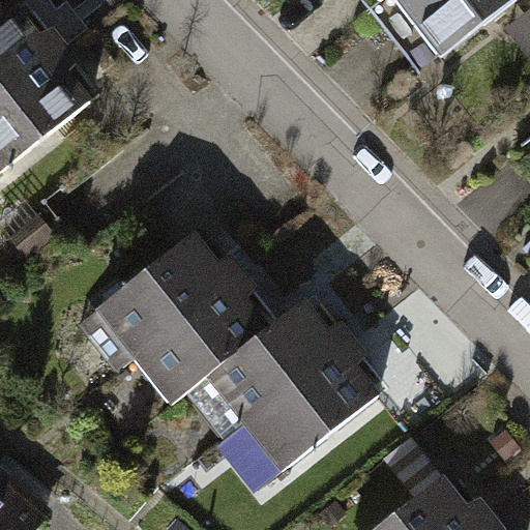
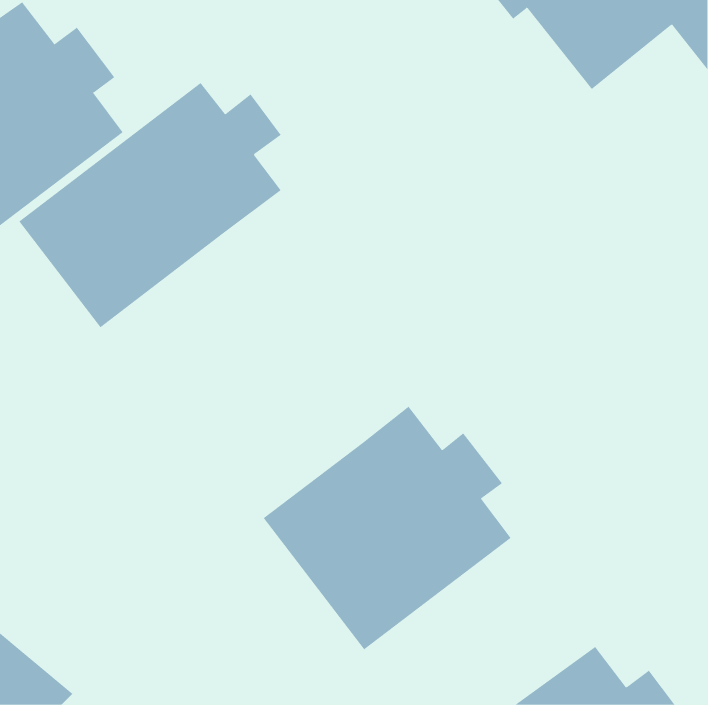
building: none -> [19,82,281,328]
building: [92,231,267,403] -> none

